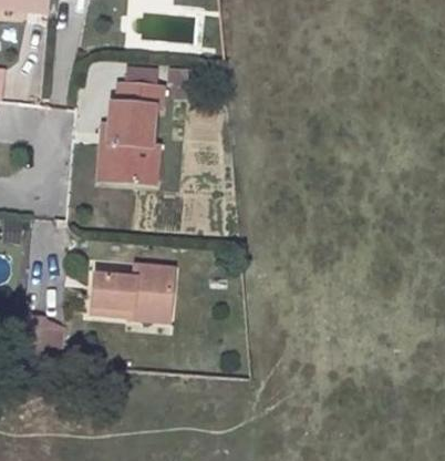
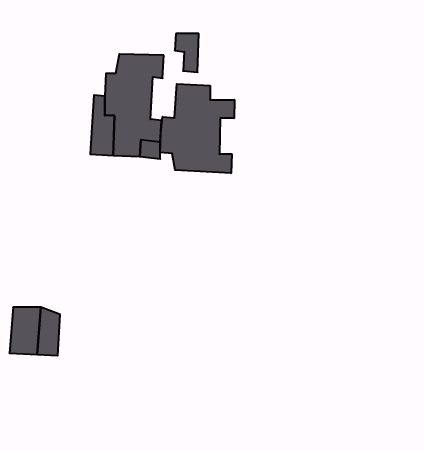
building: none -> [160,84,234,173]
building: [91,256,173,313] -> none

